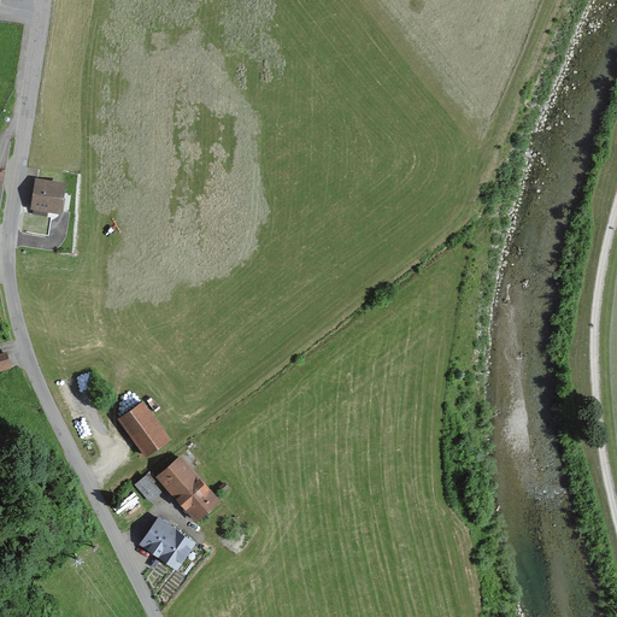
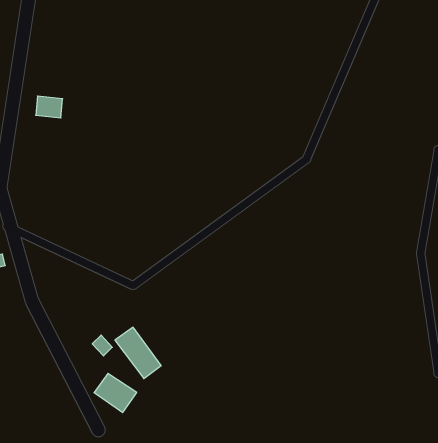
building: [23,181,60,211] -> [36,96,63,118]
building: [119,402,170,458] -> none

